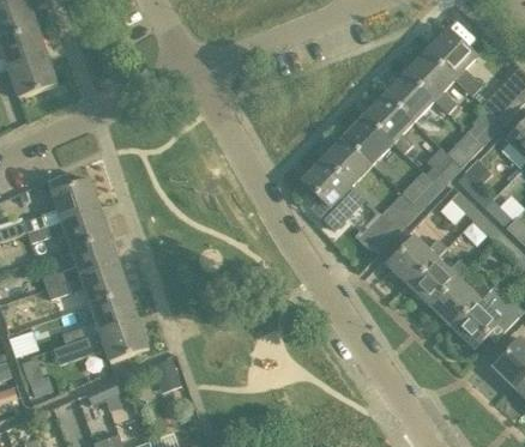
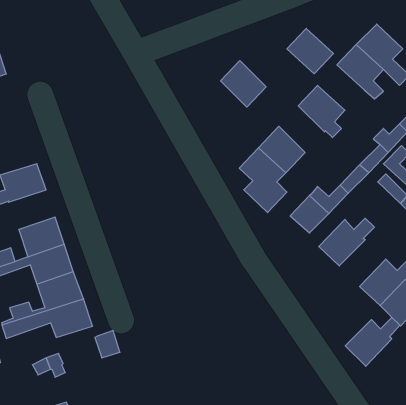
building: [385,74,434,122] -> [287,28,333,74]
building: [344,117,392,167] -> [221,61,266,107]
building: [59,206,108,248] -> none
building: [408,256,465,308] -> [345,317,400,366]

